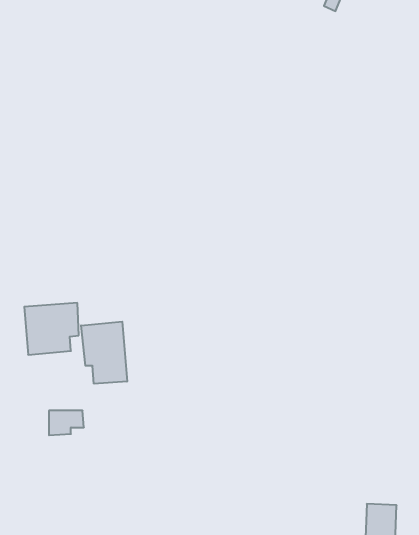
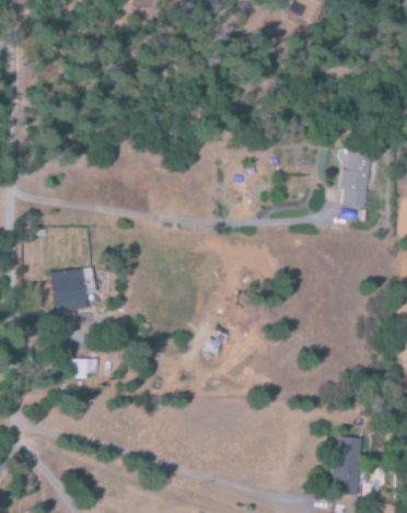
building: none -> [340,150,374,208]
building: [81,322,127,384] -> none

